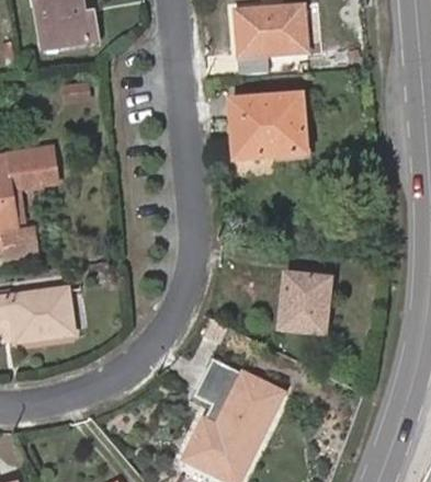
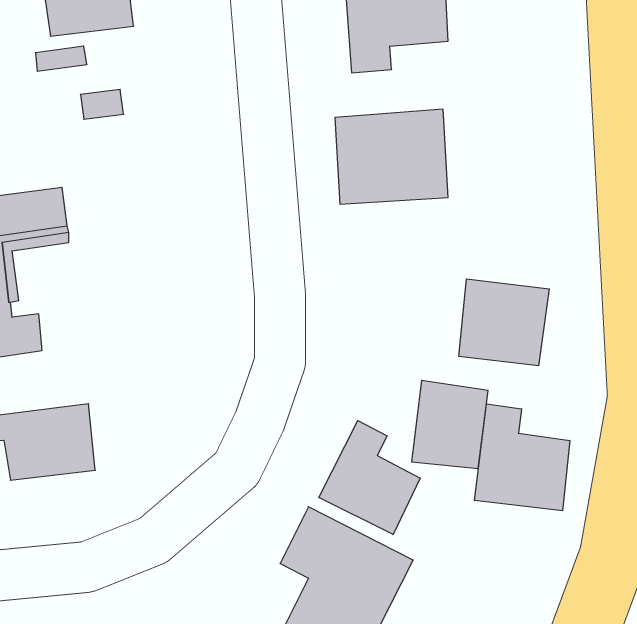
building: none -> [459,279,549,366]
building: none -> [475,404,570,511]
building: none -> [319,421,420,535]

